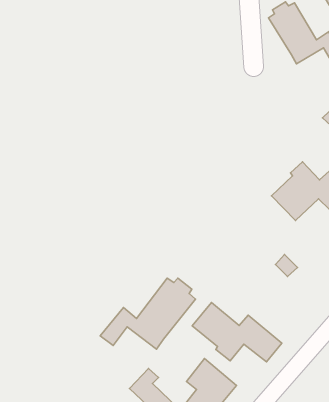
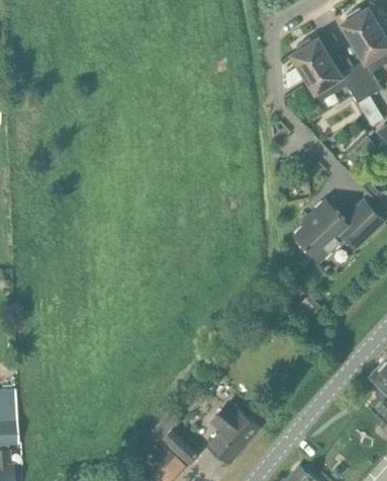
building: [100,278,195,349] -> none
building: [192,303,282,362] -> none

